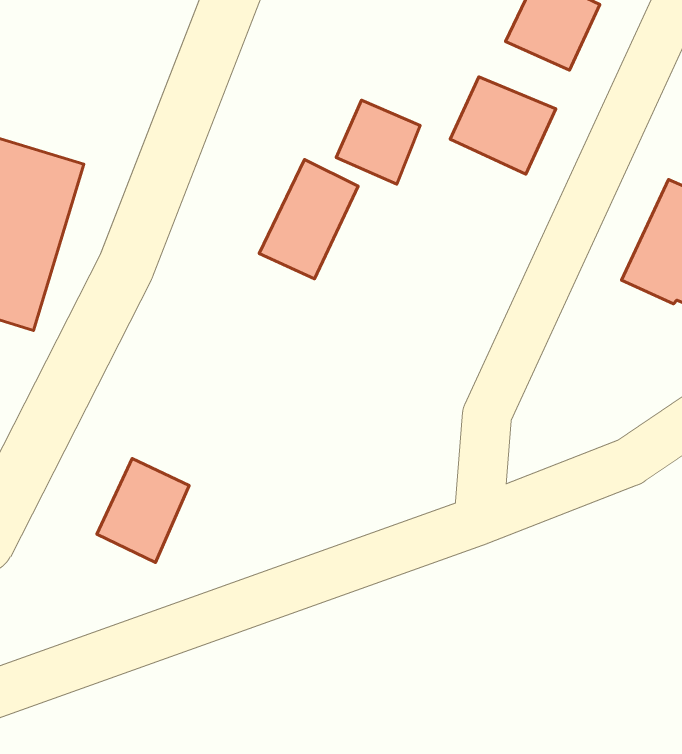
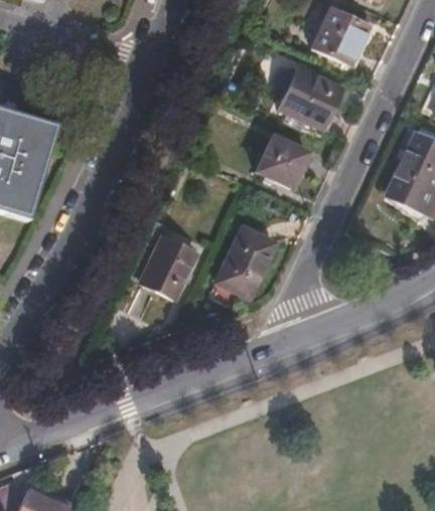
building: [336,100,420,184] -> [258,139,308,189]
building: [259,159,358,279] -> [215,227,275,299]
building: [97,458,189,563] -> [139,237,194,300]

